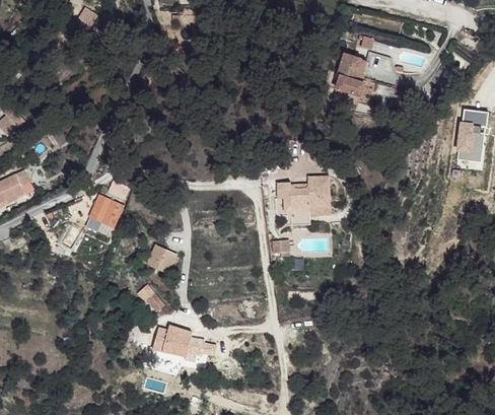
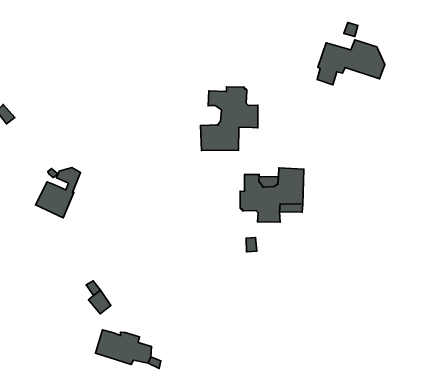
building: none -> [201,87,258,151]
building: [147,246,175,274] -> none

